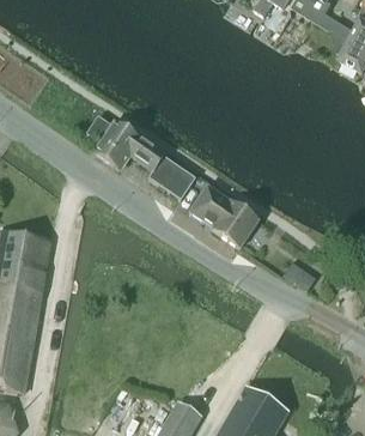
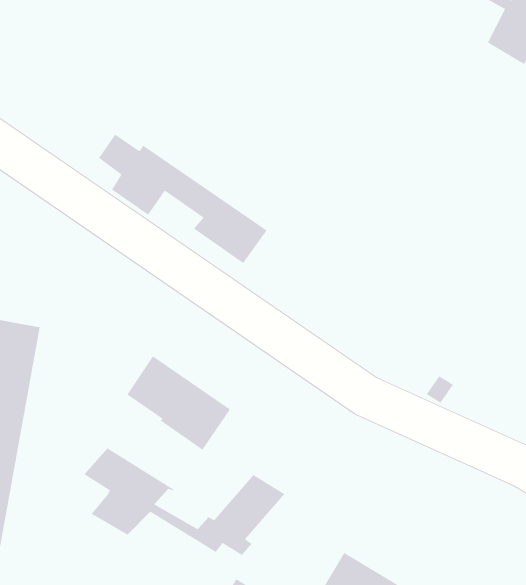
building: [190,184,257,246] -> [126,355,231,450]
building: none -> [83,448,285,556]

